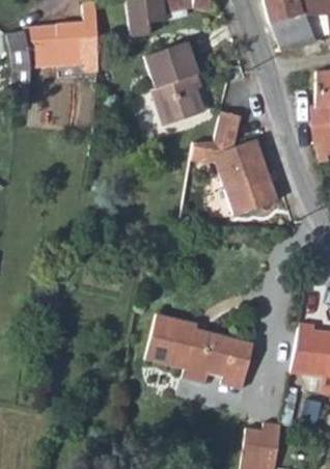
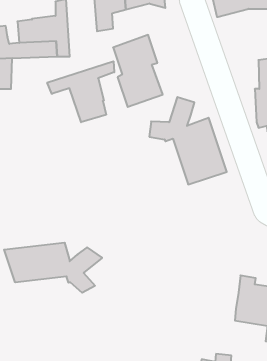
building: [269,13,314,53] -> none
building: none -> [47,61,114,122]
building: none -> [4,243,102,293]
building: [145,314,251,381] -> none

